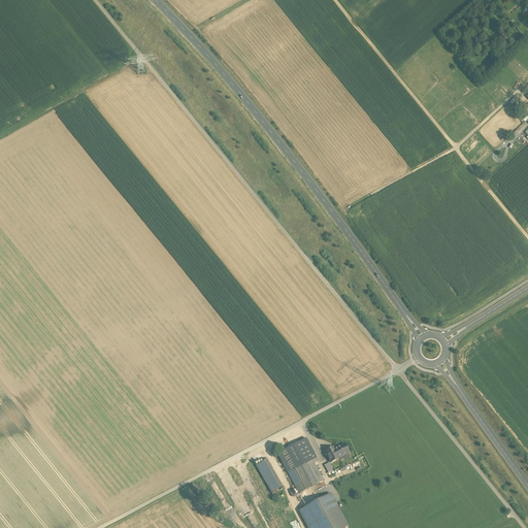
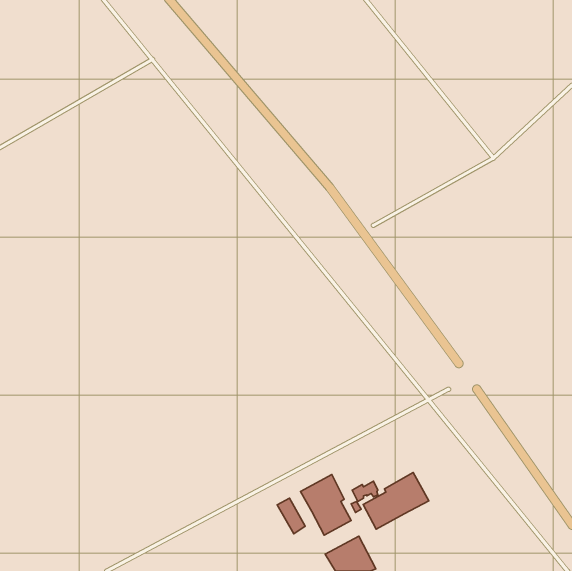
building: none -> [363,472,429,529]

